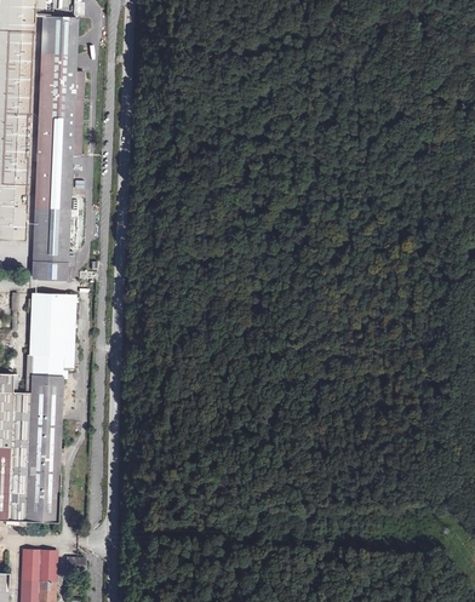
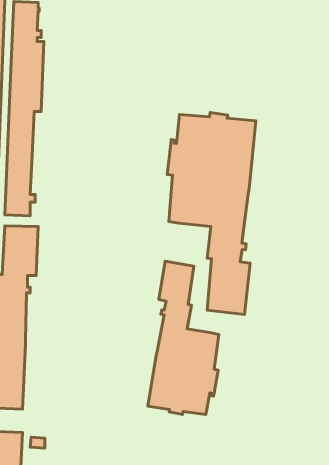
building: none -> [167,113,256,314]
building: none -> [148,261,219,415]

